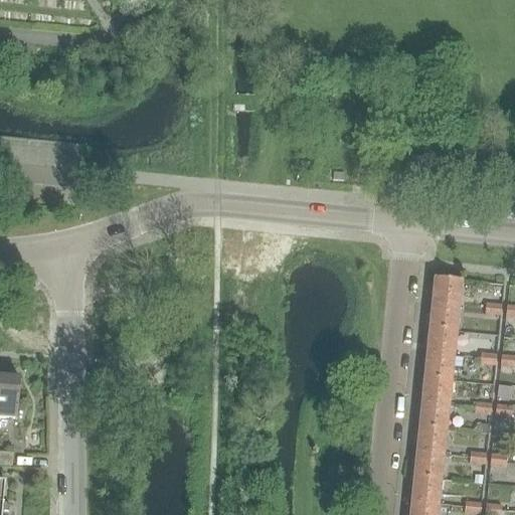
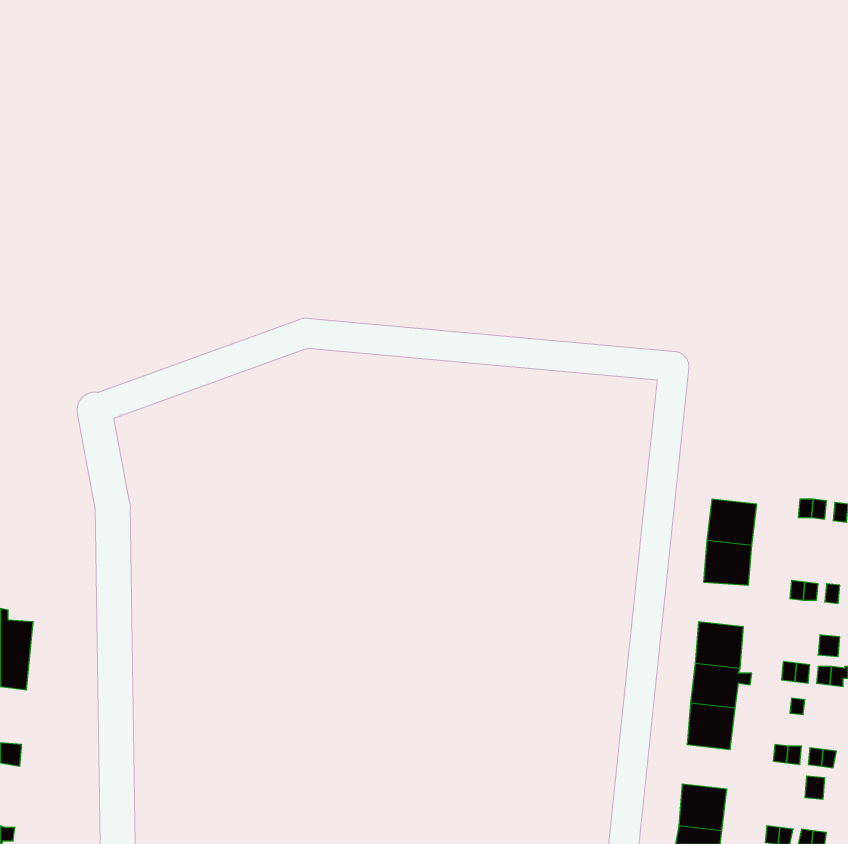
building: [432,278,461,306] -> none
building: [423,353,454,380] -> none
building: [413,452,443,479] -> none

